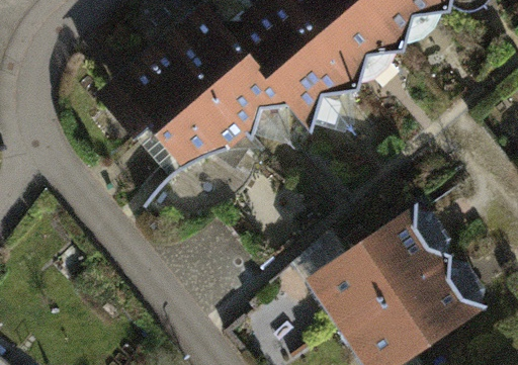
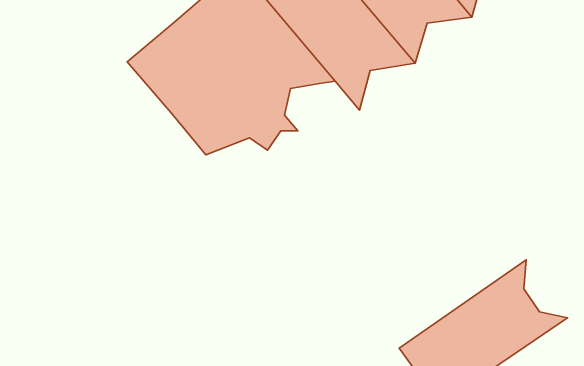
building: [306,204,446,328] -> none

